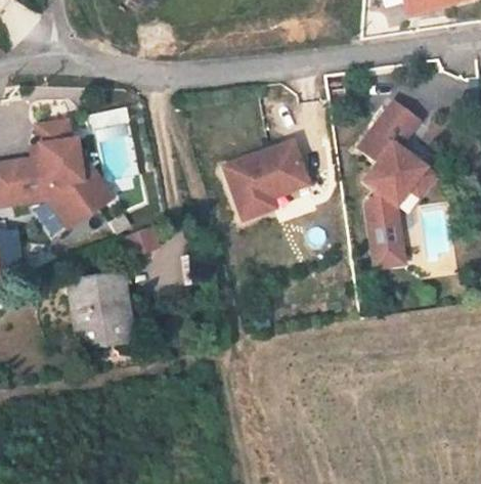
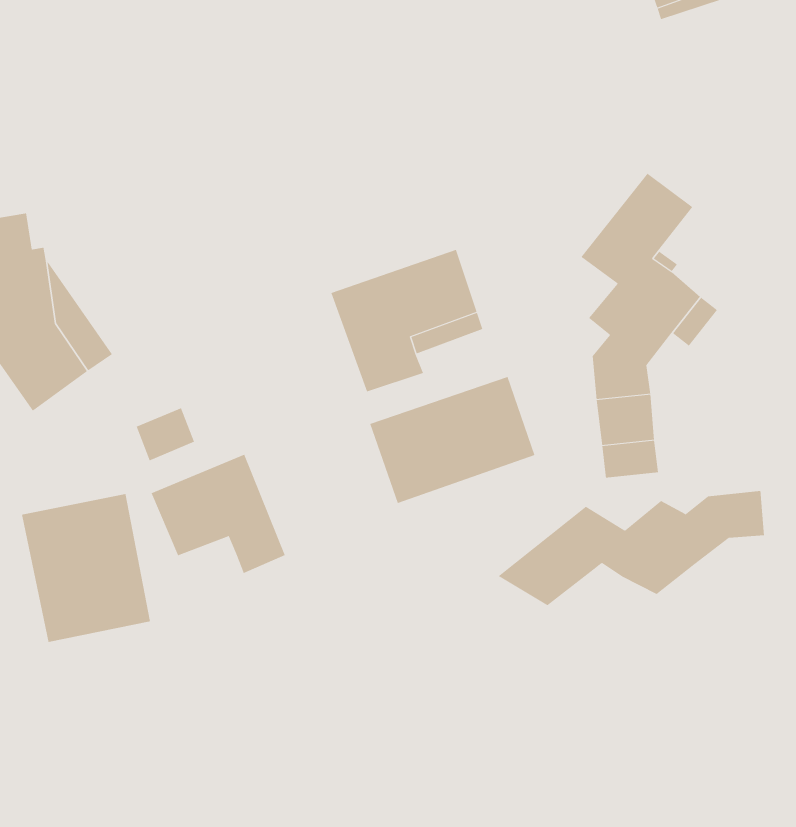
building: none -> [370,376,535,504]
building: none -> [151,454,285,574]
building: none -> [498,490,764,606]

